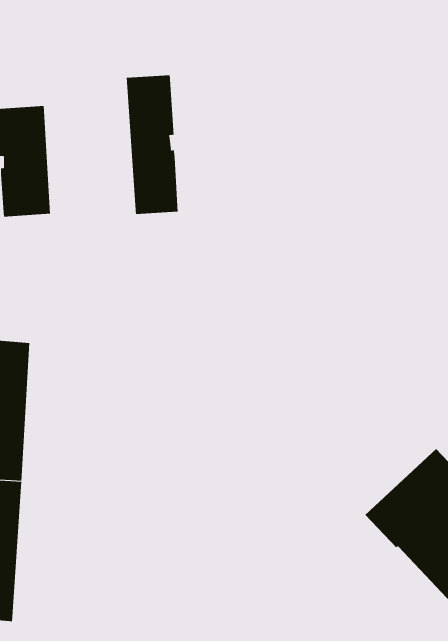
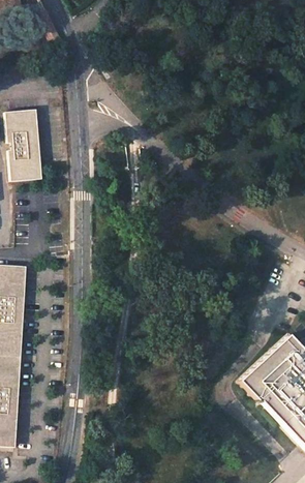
building: [126,74,178,215] -> none

